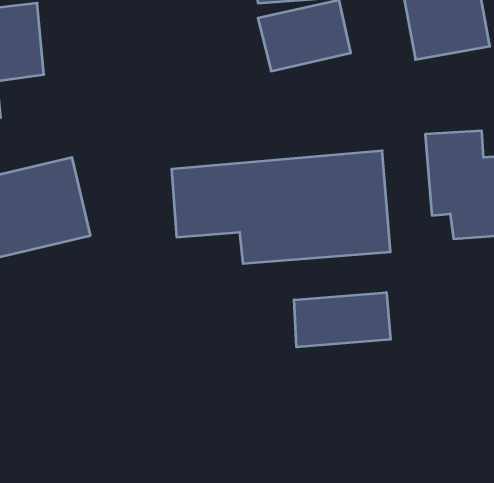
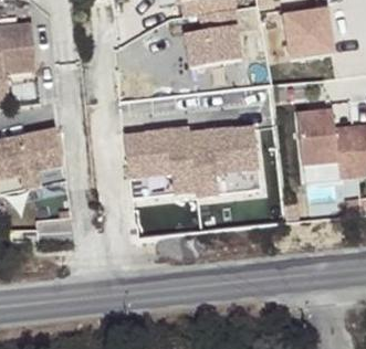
building: [294,292,391,347] -> none

